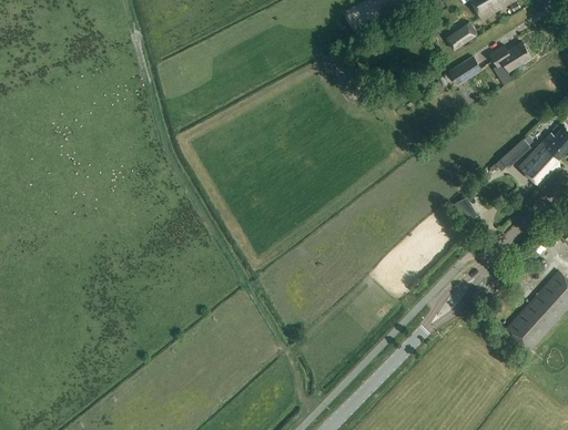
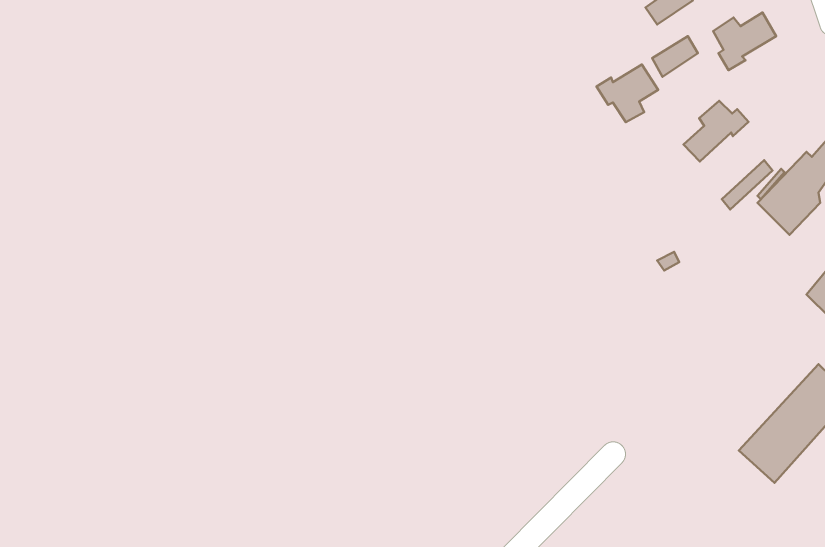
building: none -> [597,64,658,122]
building: none -> [683,101,749,161]

